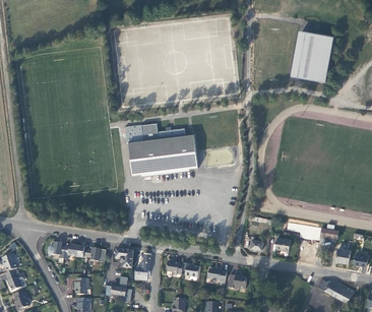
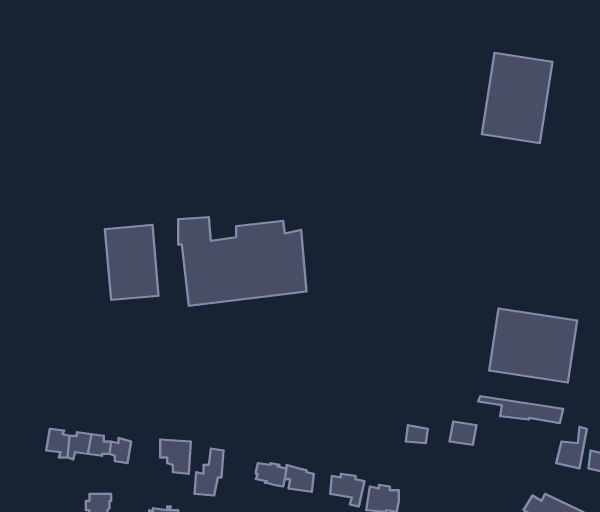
building: none -> [105,225,159,300]
building: none -> [489,309,577,382]

